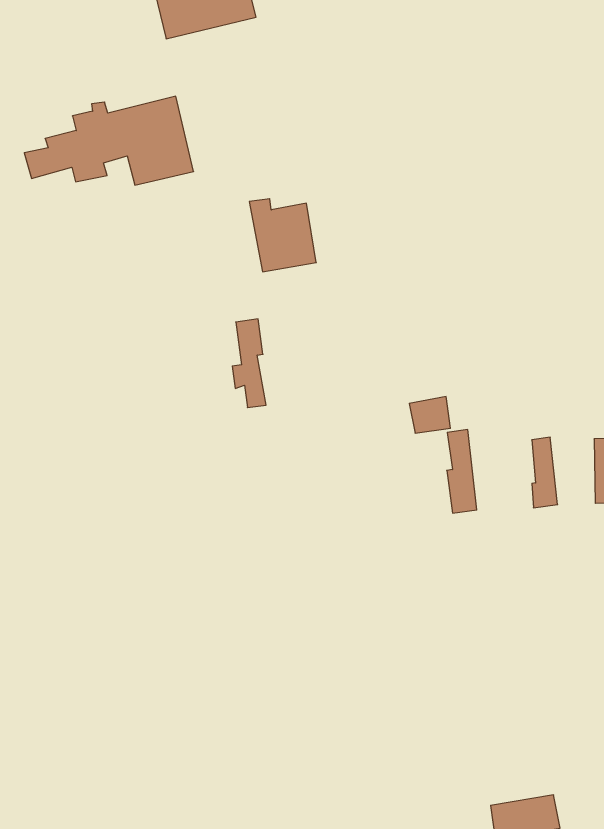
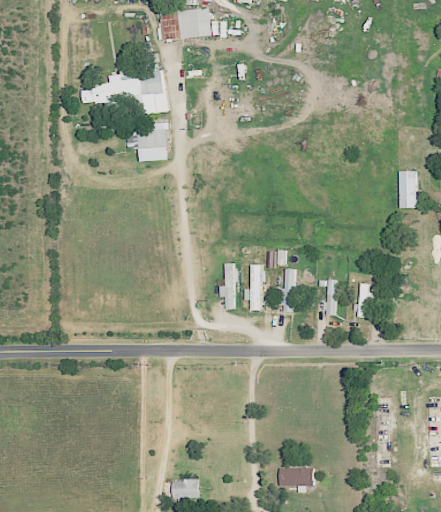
building: [249,199,316,272] -> [139,123,170,161]
building: [232,319,266,408] -> [220,262,237,308]
building: none -> [245,263,265,310]

